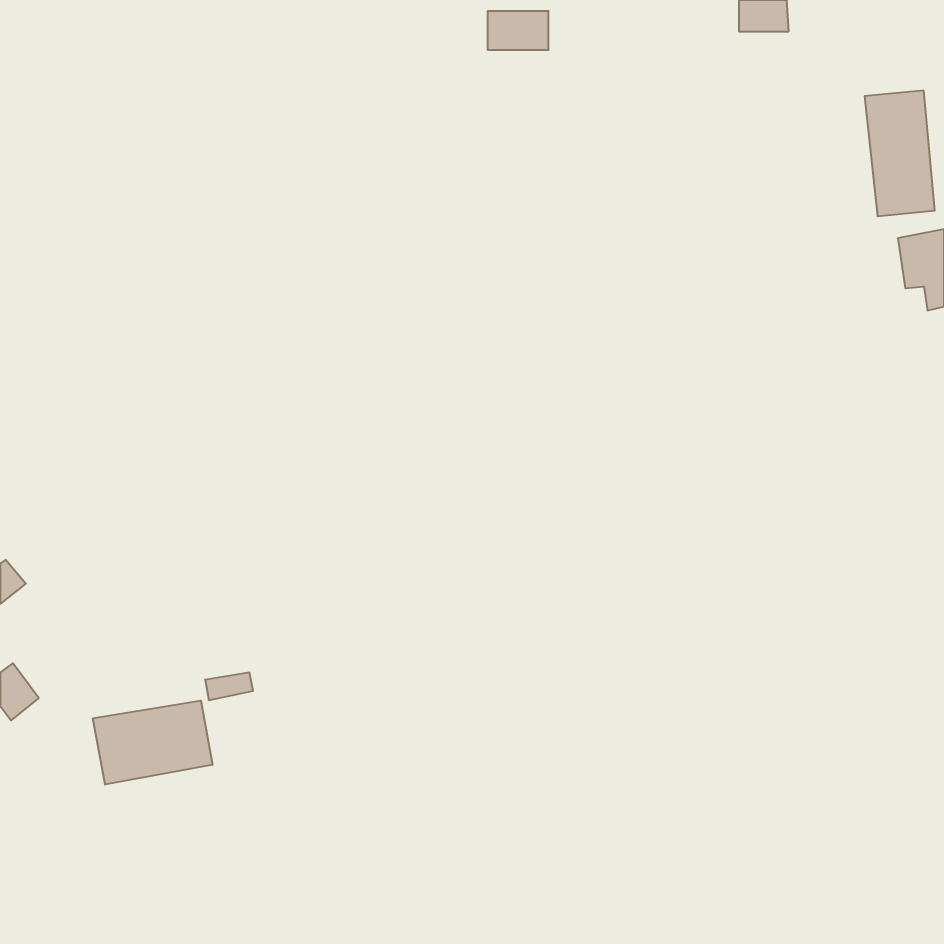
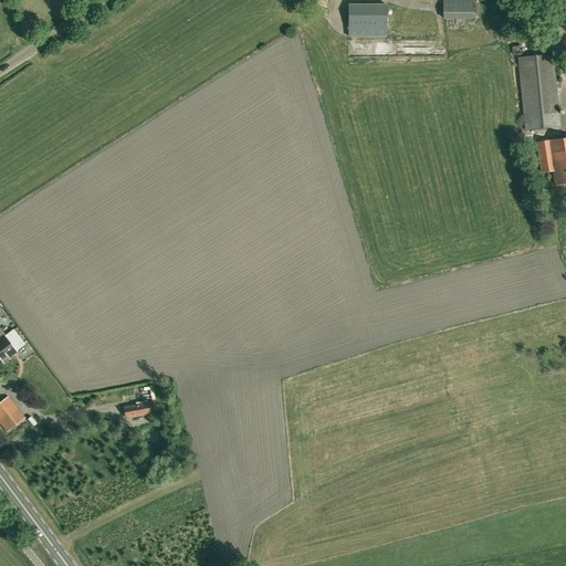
building: [488,11,549,50] -> [349,4,386,28]
building: [93,701,212,785] -> none

